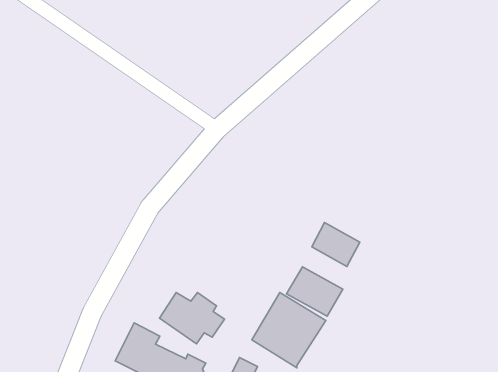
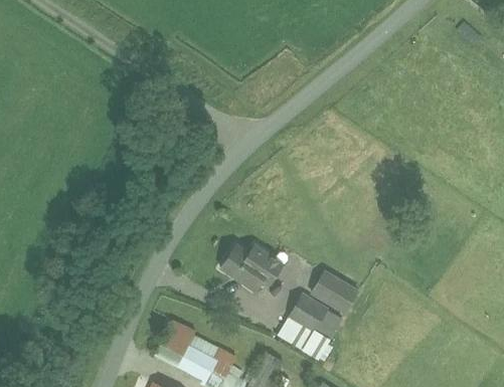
building: [312,223,360,266] -> none
building: [159,292,224,344] -> [221,245,280,292]

